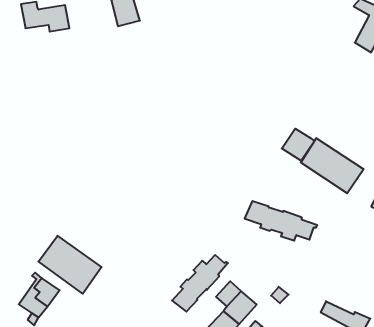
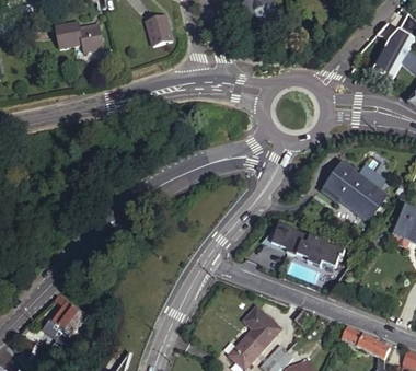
building: [282,129,314,161] -> none
building: [38,236,102,294] -> none
building: [172,255,228,312] -> none

